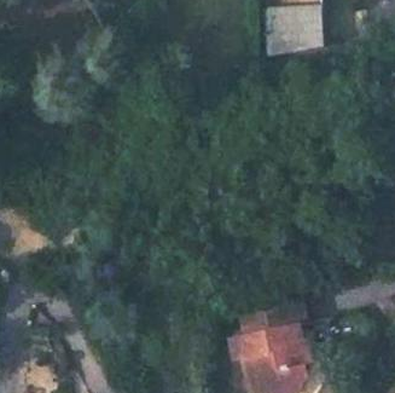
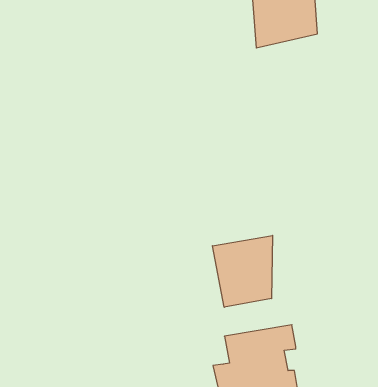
building: none -> [212,235,273,307]

